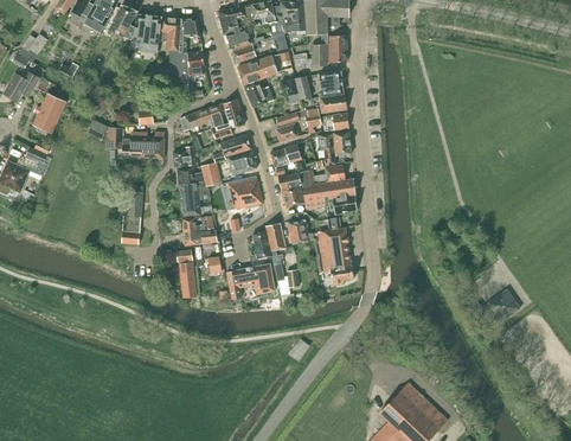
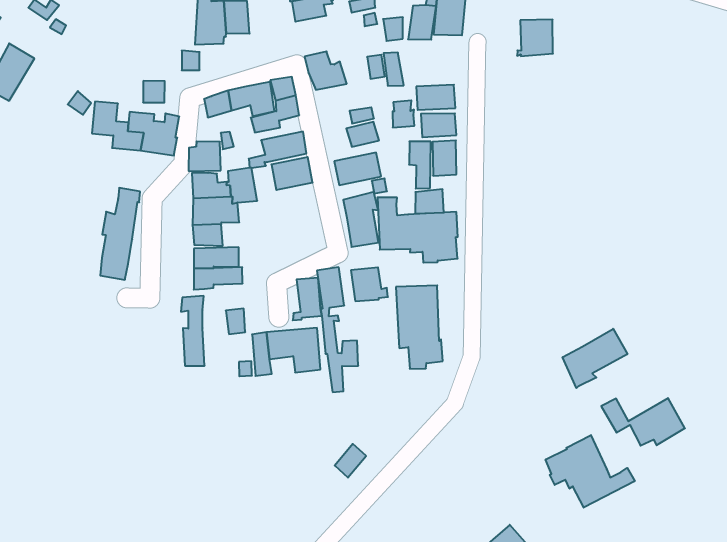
building: [237,56,277,85] -> none
building: [319,71,342,97] -> [517,20,553,56]
building: [227,177,261,209] -> none
building: none -> [563,329,627,388]
building: none -> [546,435,635,508]

